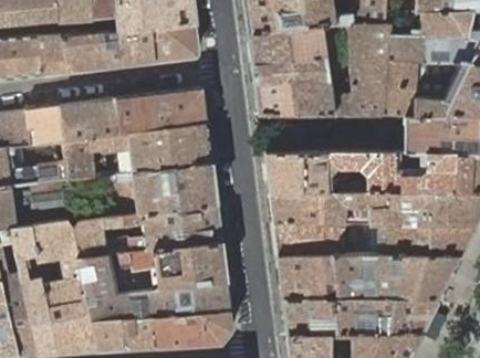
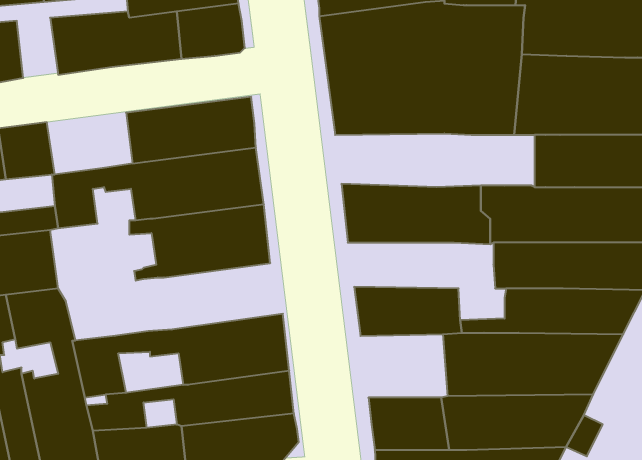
building: [38,33,66,75] -> none
building: [59,99,118,143] -> none
building: [269,190,372,222] -> none
building: [72,204,223,259] -> none
building: [278,254,338,298] -> none

